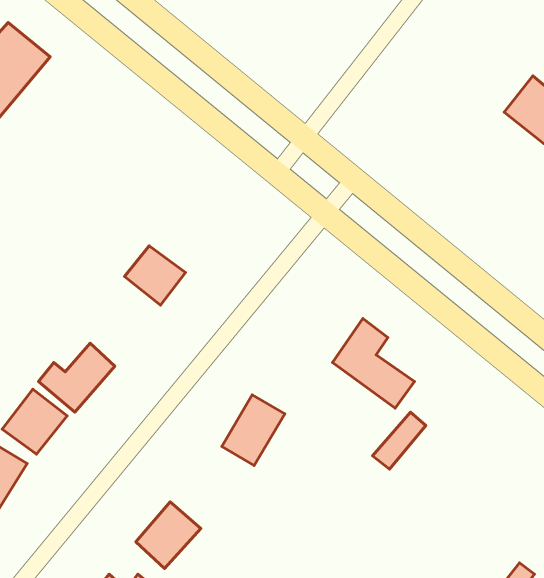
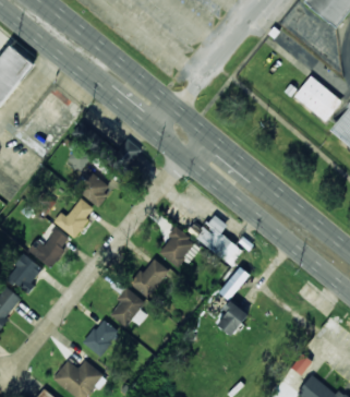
building: none -> [52,198,95,238]
building: none -> [157,228,194,266]
building: none -> [109,287,147,328]
building: none -> [217,300,248,336]

